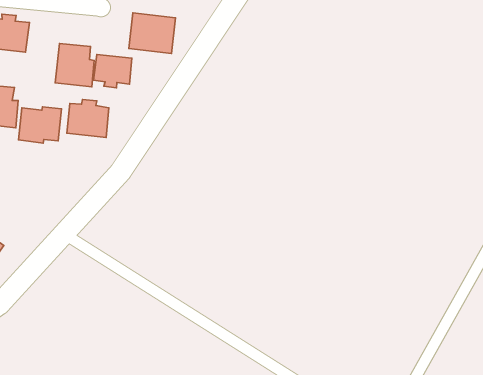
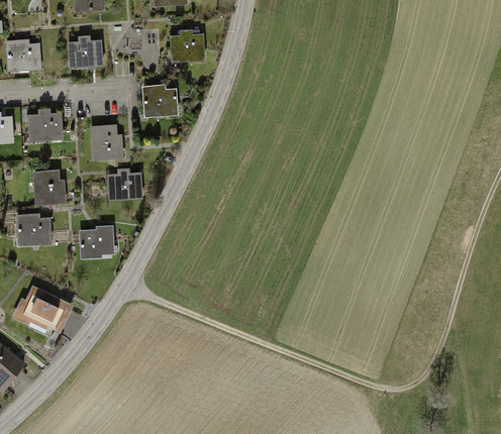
building: [93,54,132,88] -> none
building: [18,107,61,143] -> [78,224,113,256]

